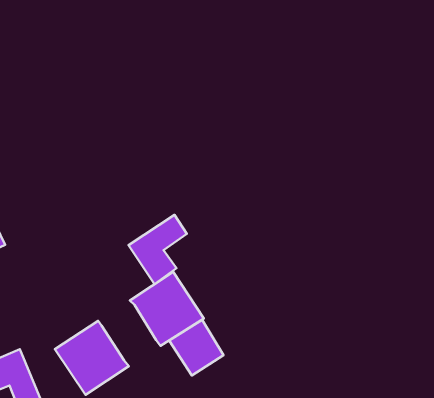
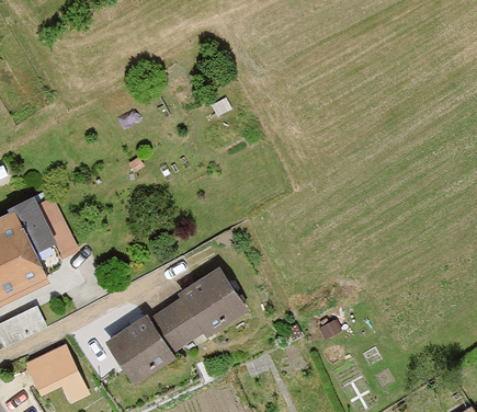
building: [128,215,187,284] -> none
building: [169,320,224,376] -> [149,299,202,353]

